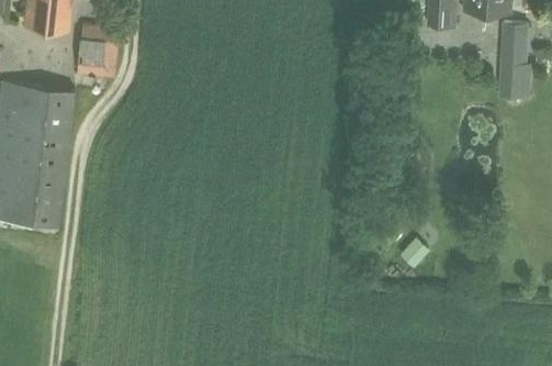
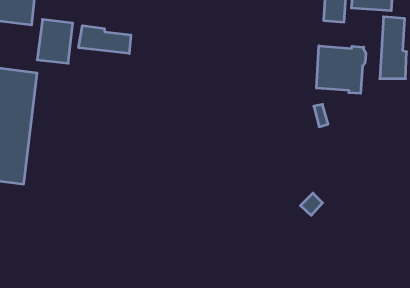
building: none -> [79,26,131,54]
building: none -> [316,46,366,93]

